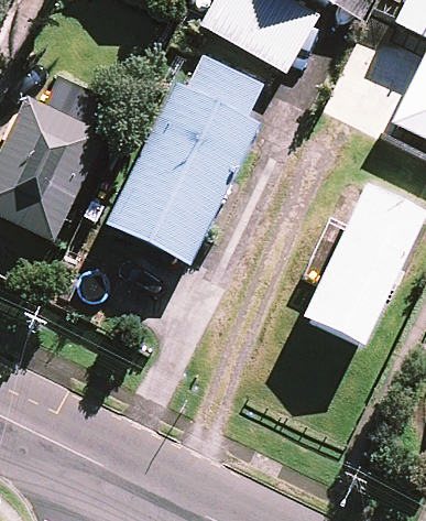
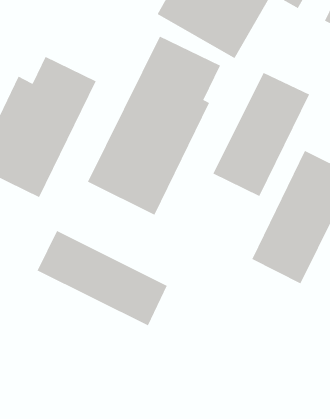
building: none -> [213,72,310,197]
building: none -> [37,230,168,326]

